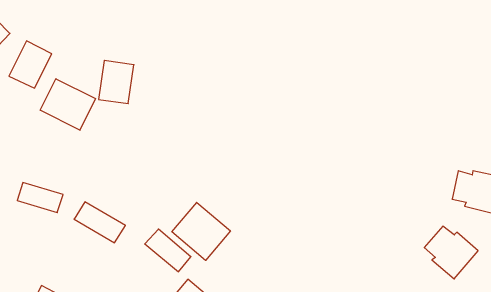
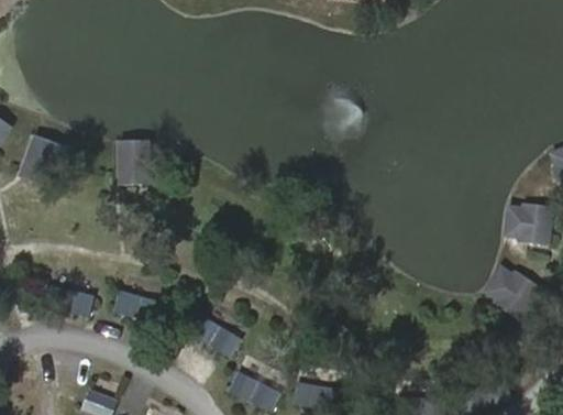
building: [40,79,96,130] -> none
building: [172,202,230,260] -> none

